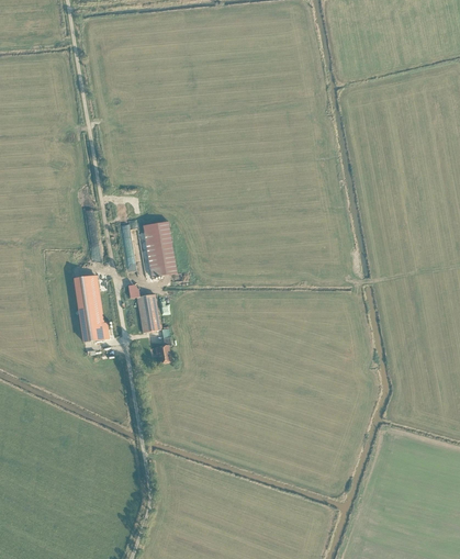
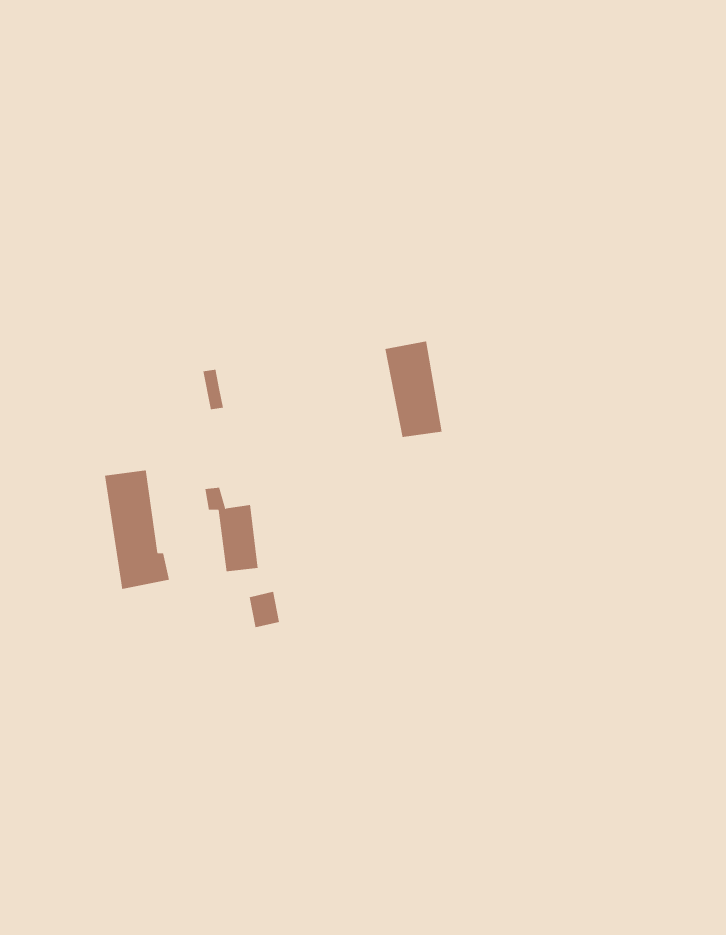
building: [144,221,177,276] -> [384,341,442,438]

